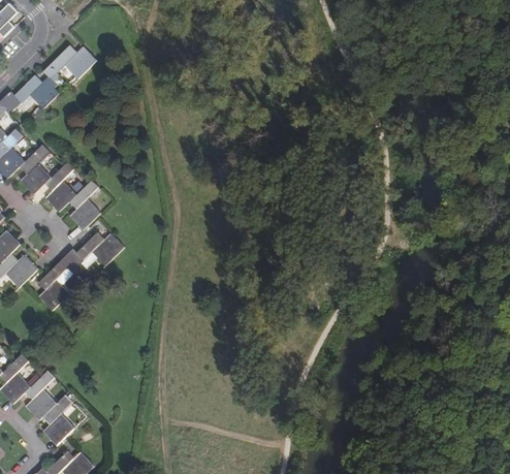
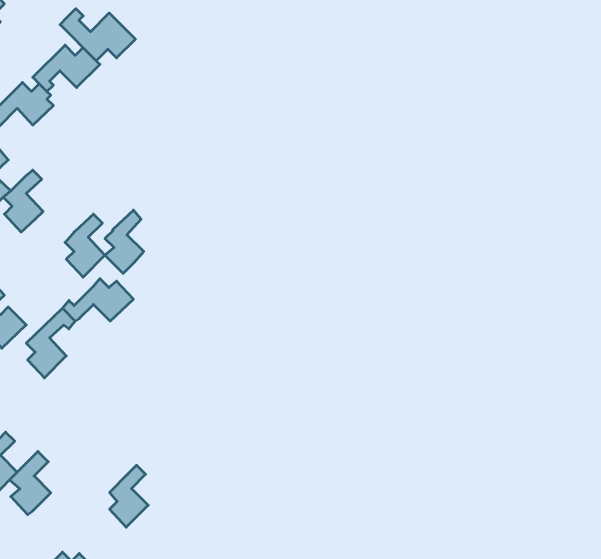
building: none -> [60,9,135,61]
building: [44,161,75,212] -> [105,210,144,273]
building: [42,396,73,445] -> [110,465,148,527]

